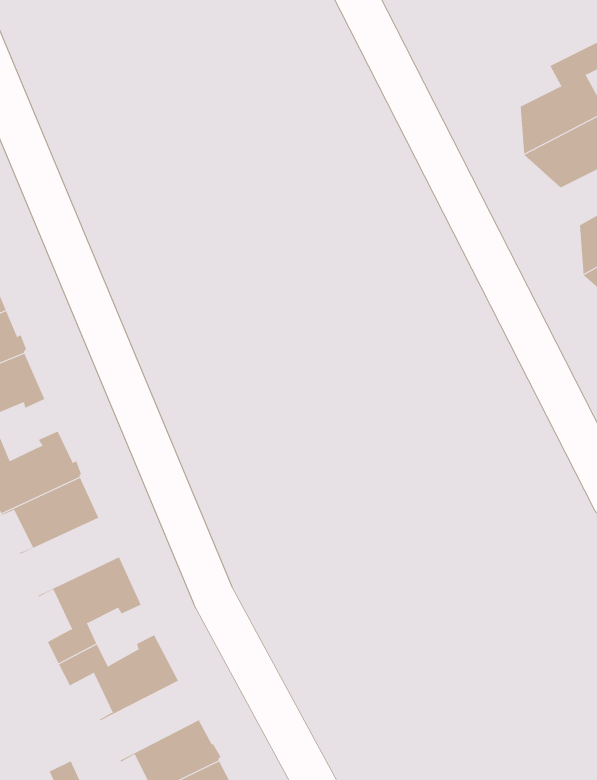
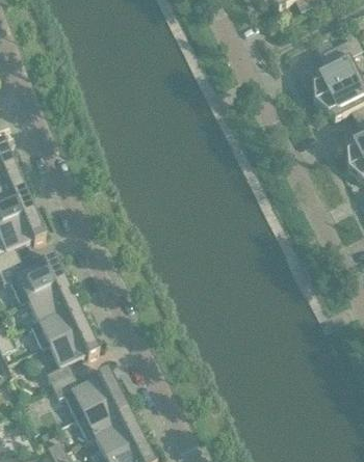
building: none -> [29,303,85,347]
building: none -> [74,395,130,439]

